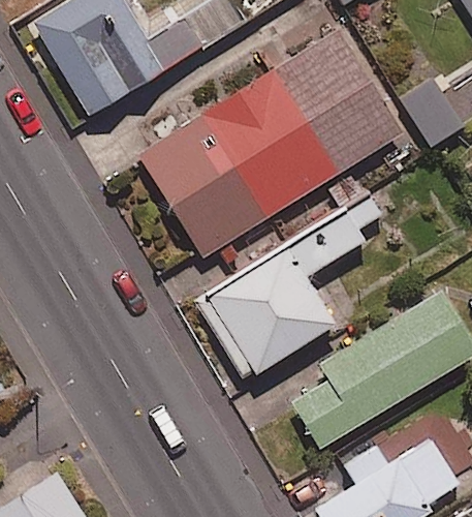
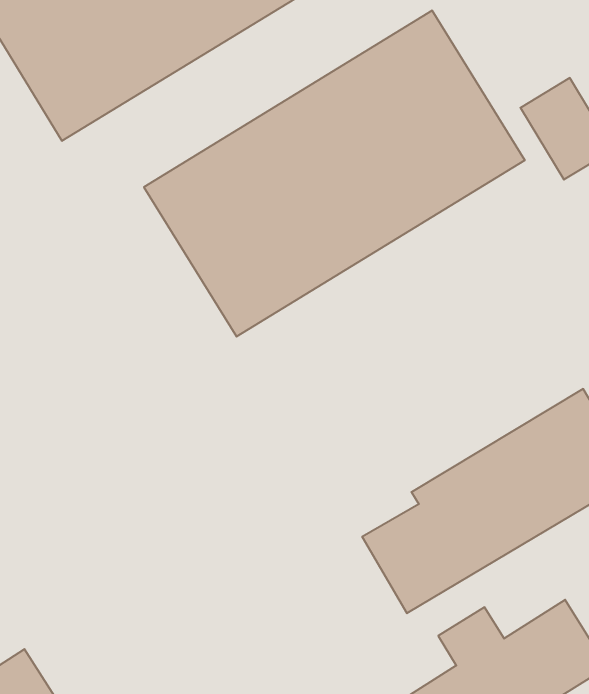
building: [199,213,365,381] -> none

